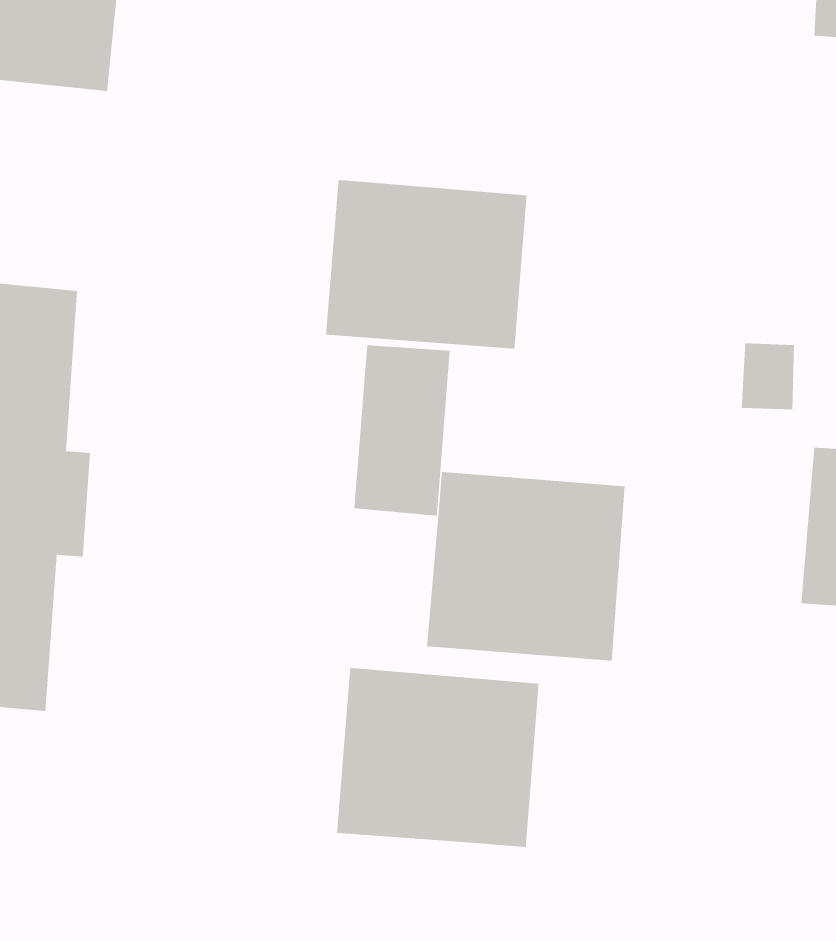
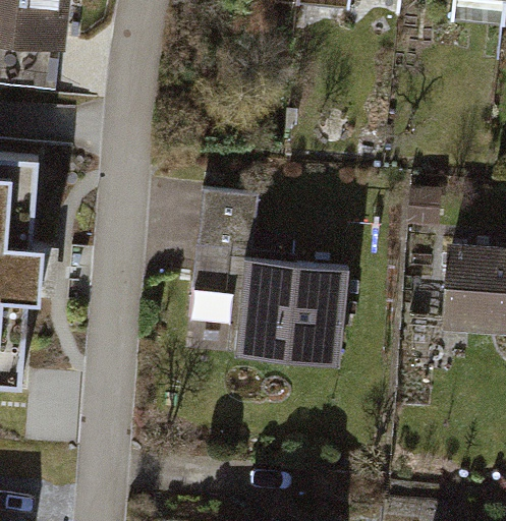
building: [326,179,527,349] -> none
building: [336,667,539,848] -> none

